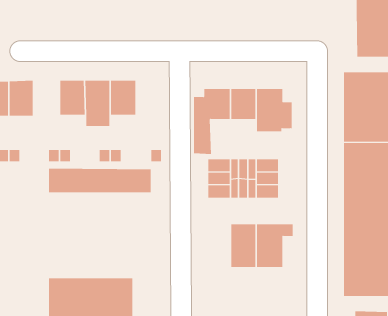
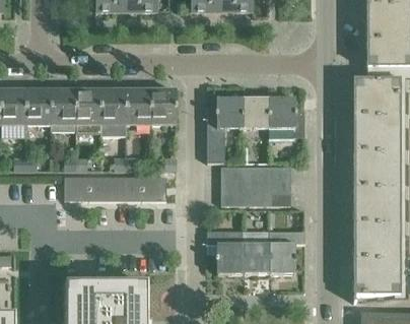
building: none -> [51,89,76,125]
building: none -> [151,89,177,124]
building: none -> [207,231,244,273]

